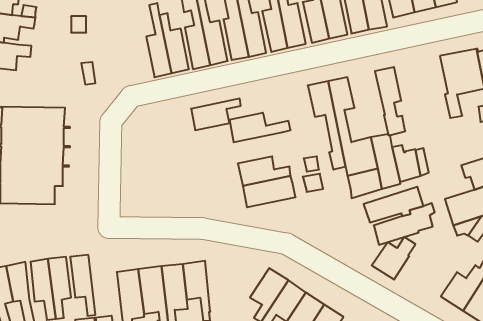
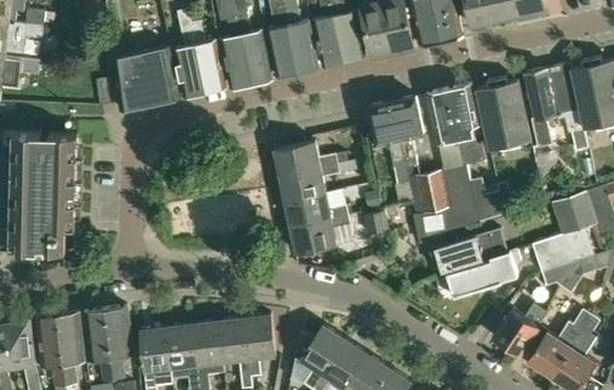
building: none -> [116,48,180,111]
building: none -> [477,78,532,149]
building: none -> [427,91,460,148]
building: [191,99,241,130] -> [280,164,339,201]
building: [372,237,415,280] -> [493,303,545,354]
building: none -> [107,306,134,382]
building: none -> [246,315,276,378]

